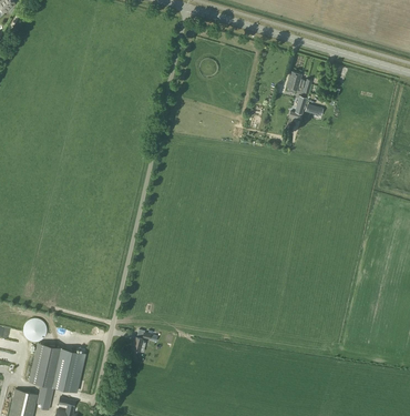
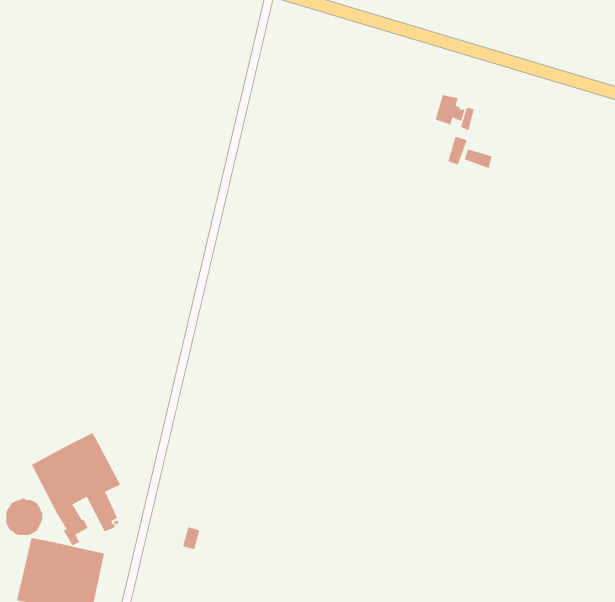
building: none -> [31,432,121,546]

